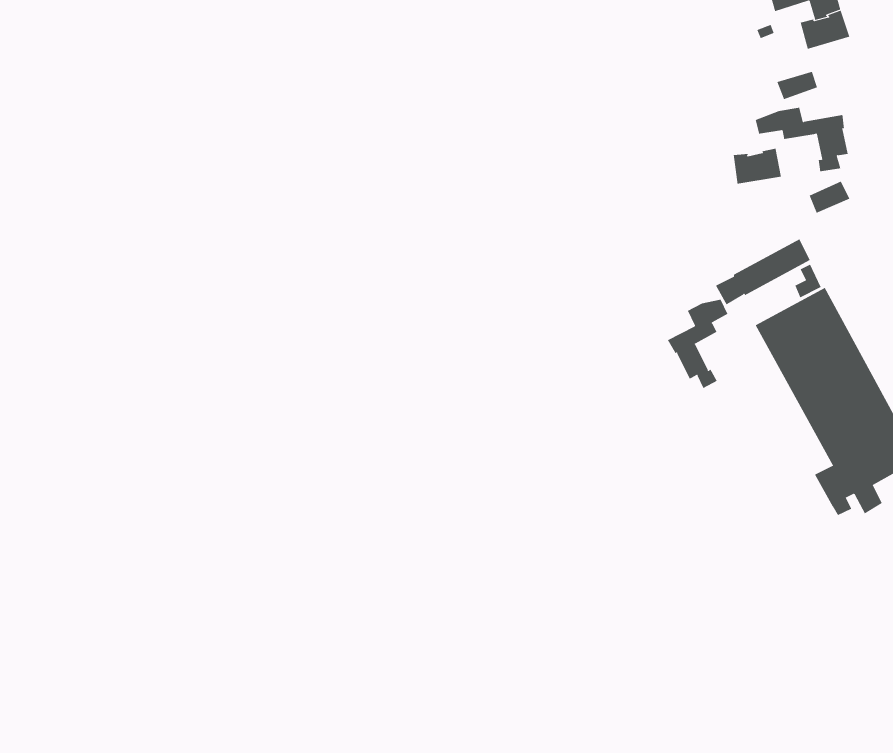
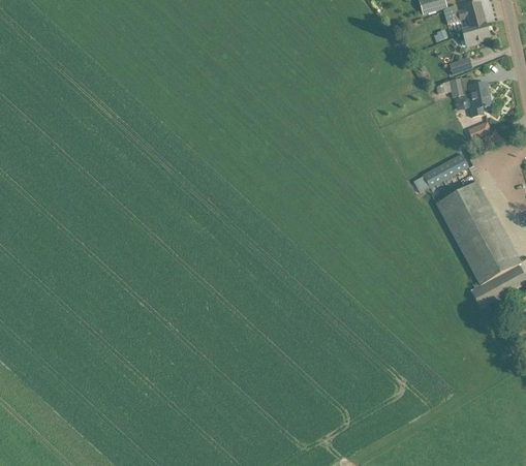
building: [733,148,781,184] -> none
building: [667,299,728,389] -> none

